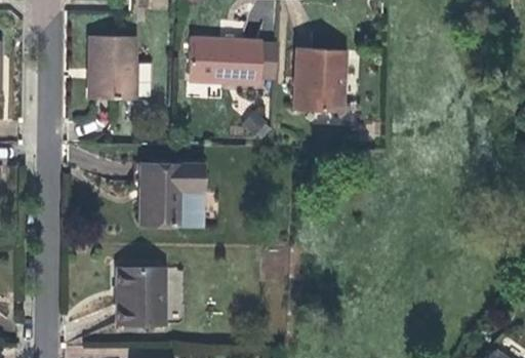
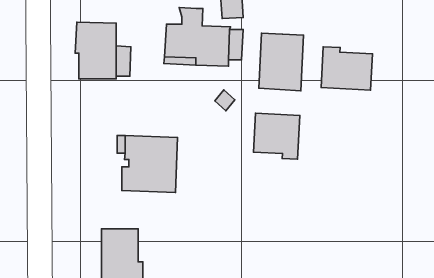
building: none -> [321,47,372,90]
building: none -> [253,113,300,159]

